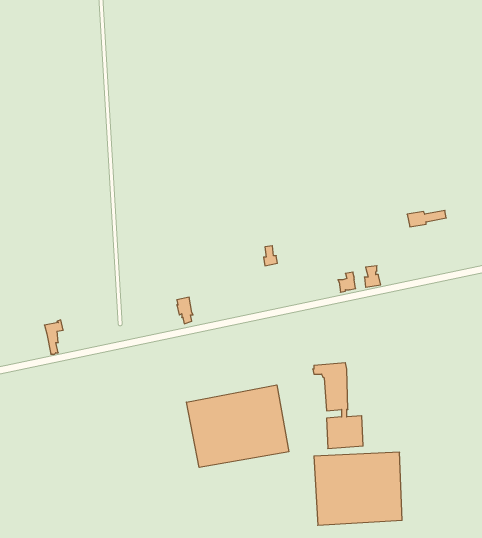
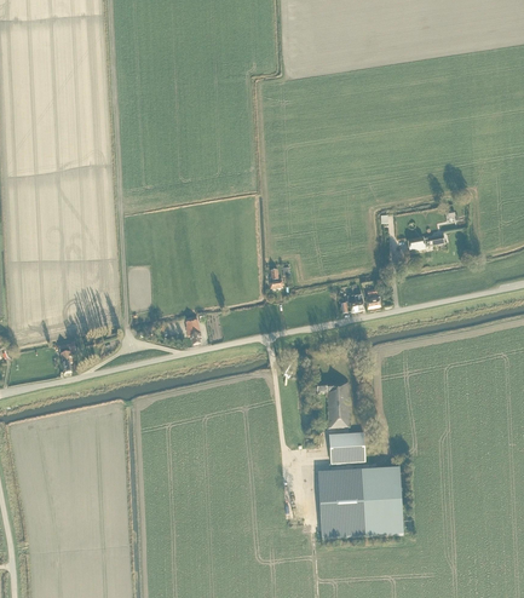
building: [186,385,289,467] -> none

